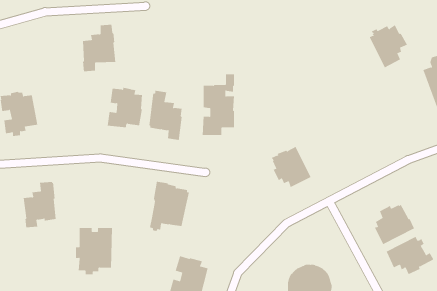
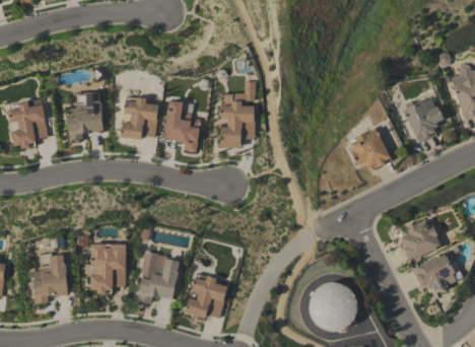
building: [82,24,116,72] -> [67,91,103,141]
building: [369,25,408,68] -> [403,97,444,143]
building: [271,146,311,188] -> [349,128,392,171]
building: [149,181,190,231] -> [137,252,180,304]
building: [23,181,57,228] -> [31,255,67,303]

